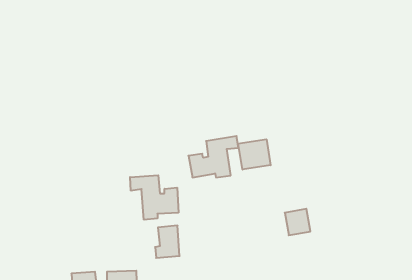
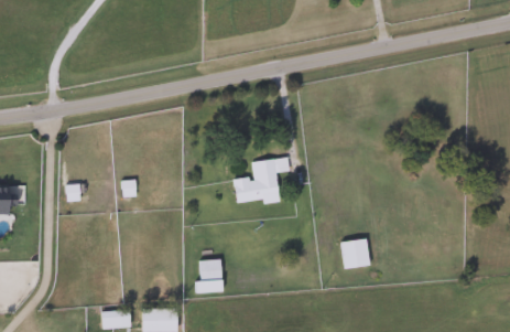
building: [238,139,271,170] -> none
building: [130,175,178,220] -> none

